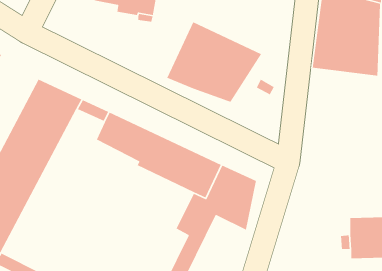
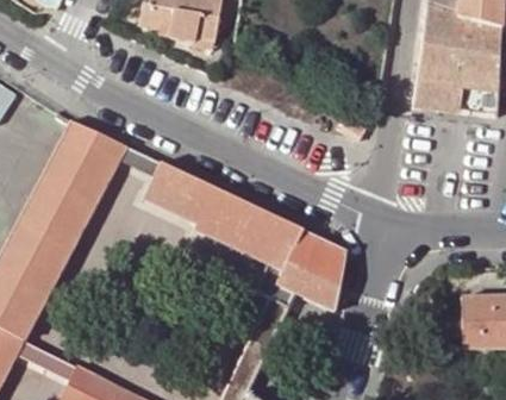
building: [166,21,262,103] -> none

